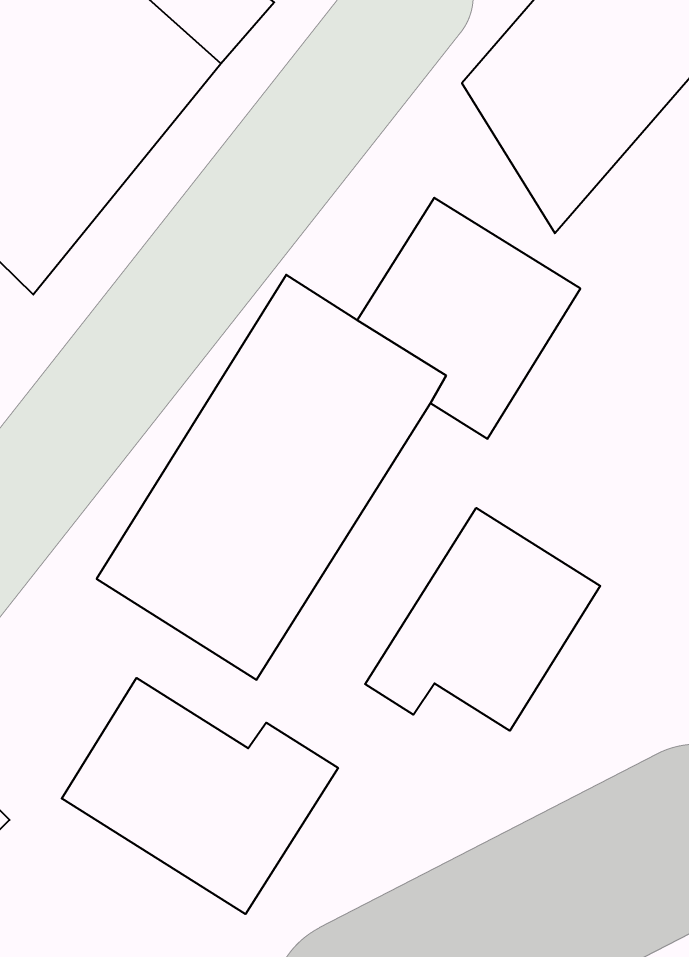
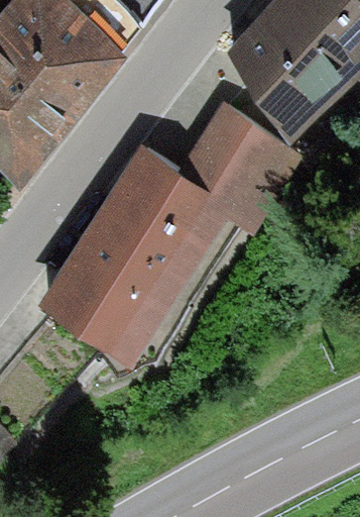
building: [365,508,600,731] -> none
building: [62,678,338,914] -> none

